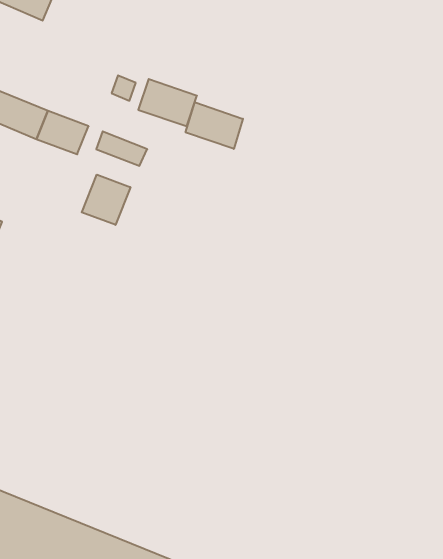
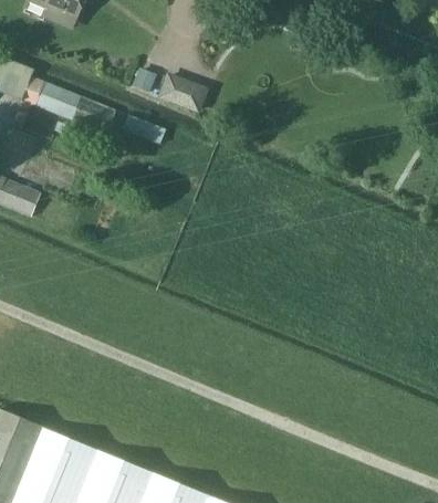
building: [186,102,243,149] -> none
building: [82,175,130,225] -> none

